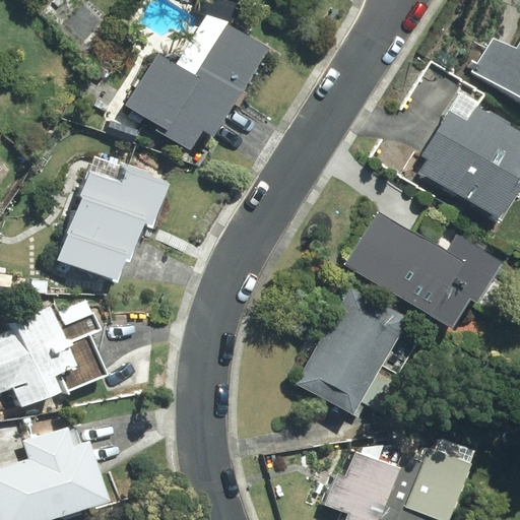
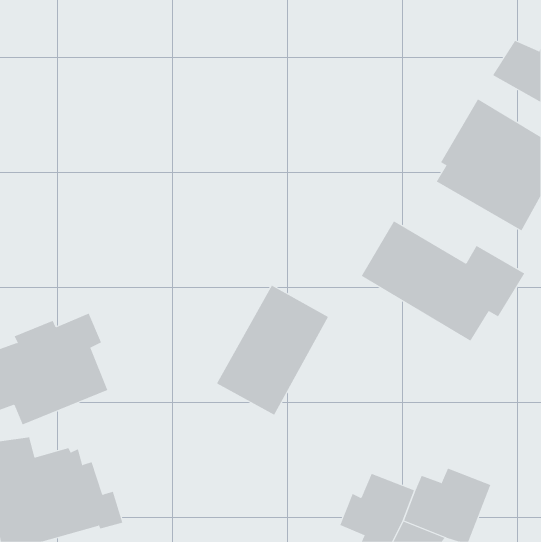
building: [125,14,268,149] -> none
building: [60,153,172,280] -> none
building: [298,288,405,413] -> [216,285,329,415]

